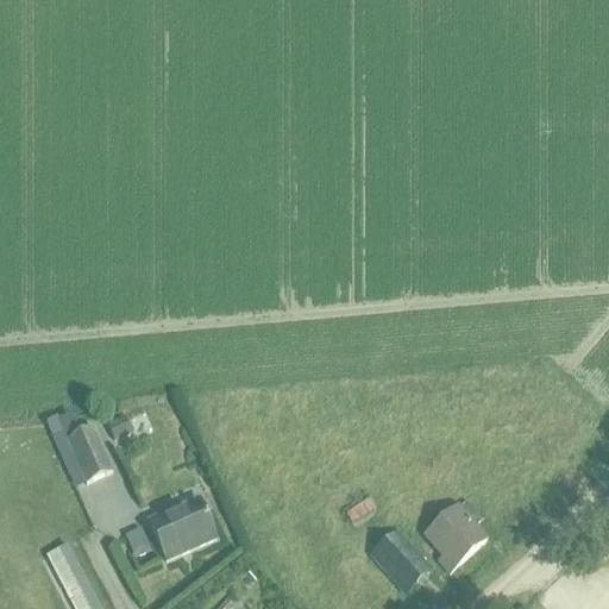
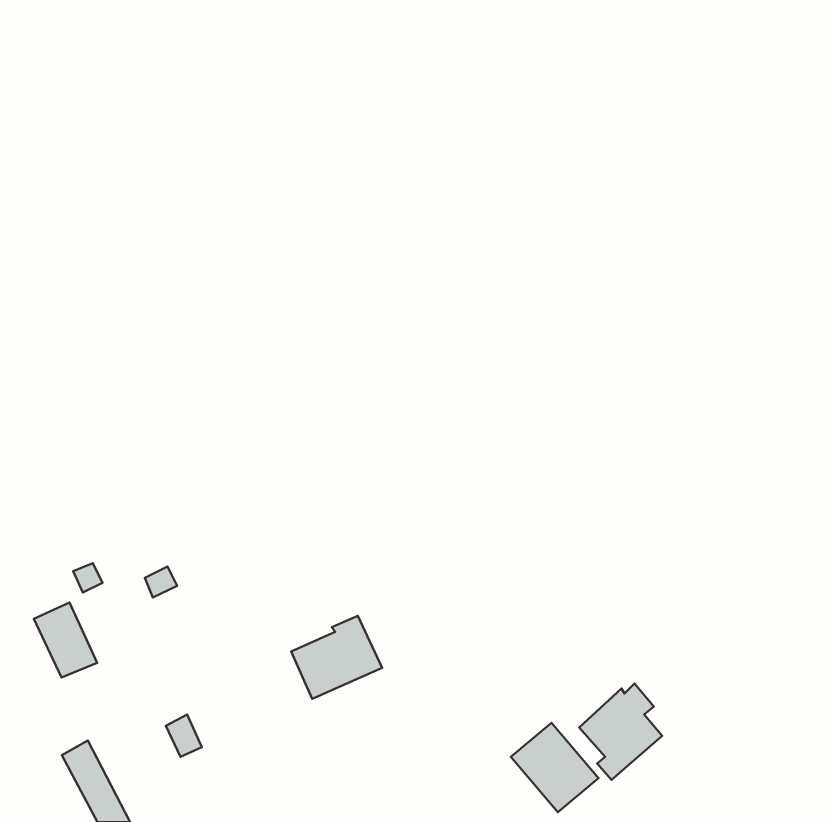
building: [64,425,111,479] -> [34,603,97,677]
building: [147,496,214,557] -> [291,616,382,699]

